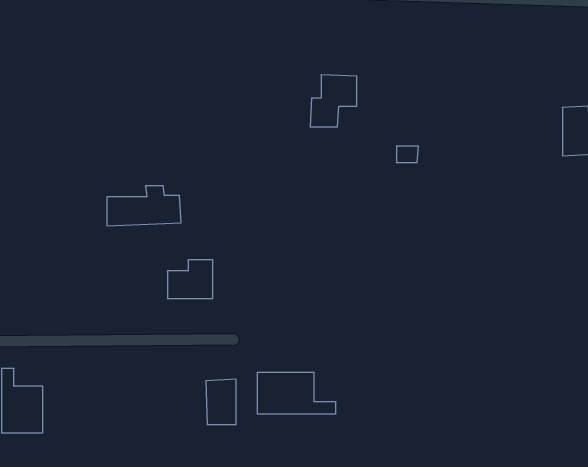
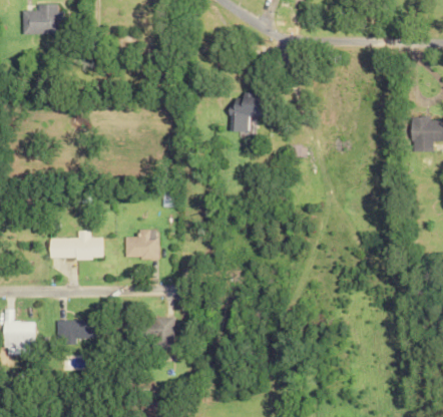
building: [107,186,181,226] -> [49,230,103,259]
building: [257,372,335,414] -> none
building: none -> [57,319,96,342]

